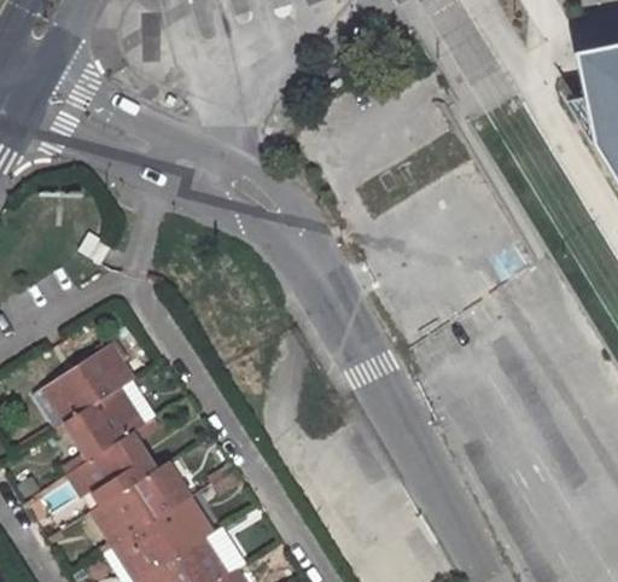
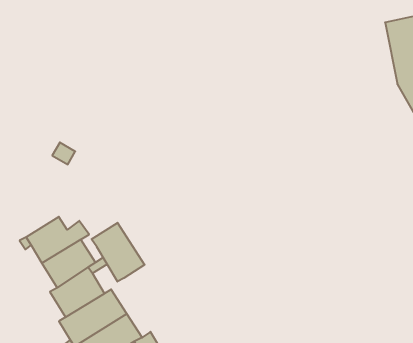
building: none -> [92,223,145,282]

